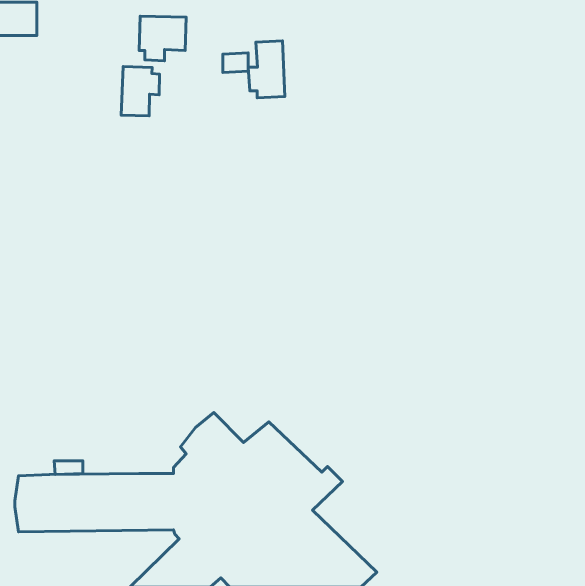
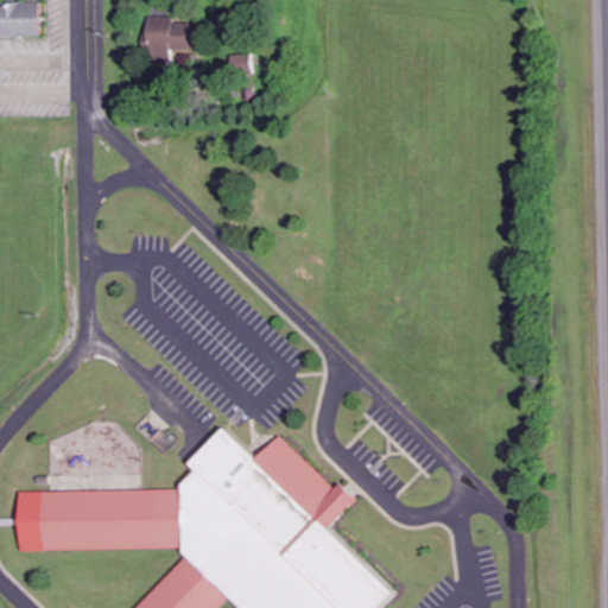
building: [248,41,285,98] -> none
building: [121,66,160,116] -> none

